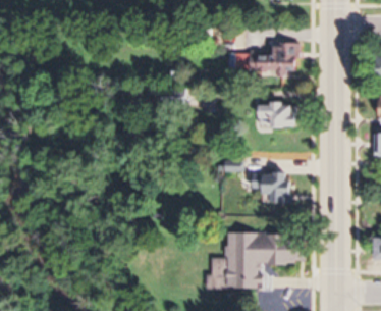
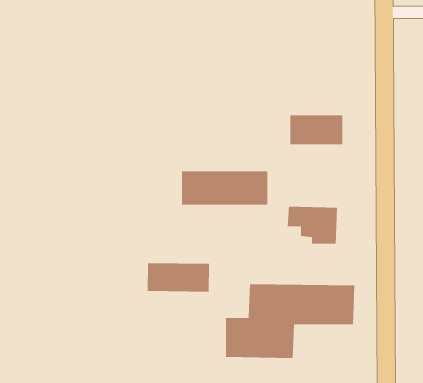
building: [230,48,296,74] -> [181,170,268,205]
building: none -> [147,262,210,292]

